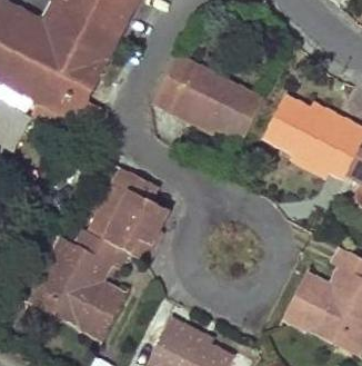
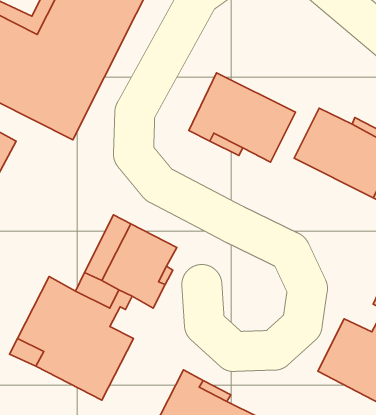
building: [151,52,198,112] -> none

